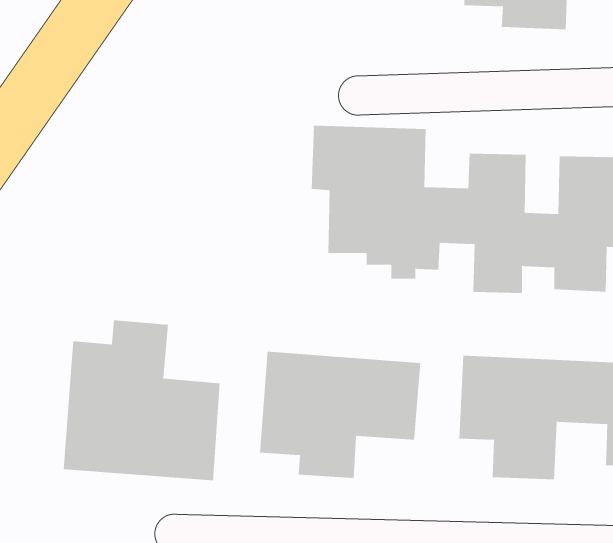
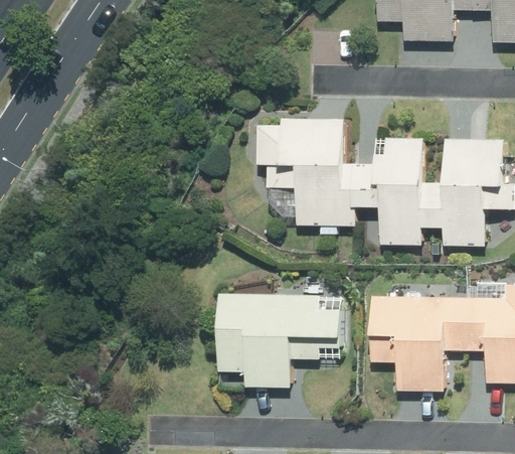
building: [63,319,220,481] -> none

